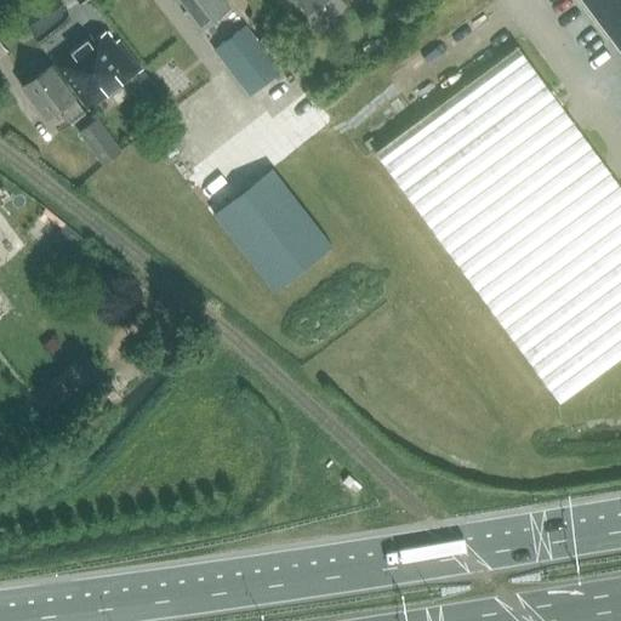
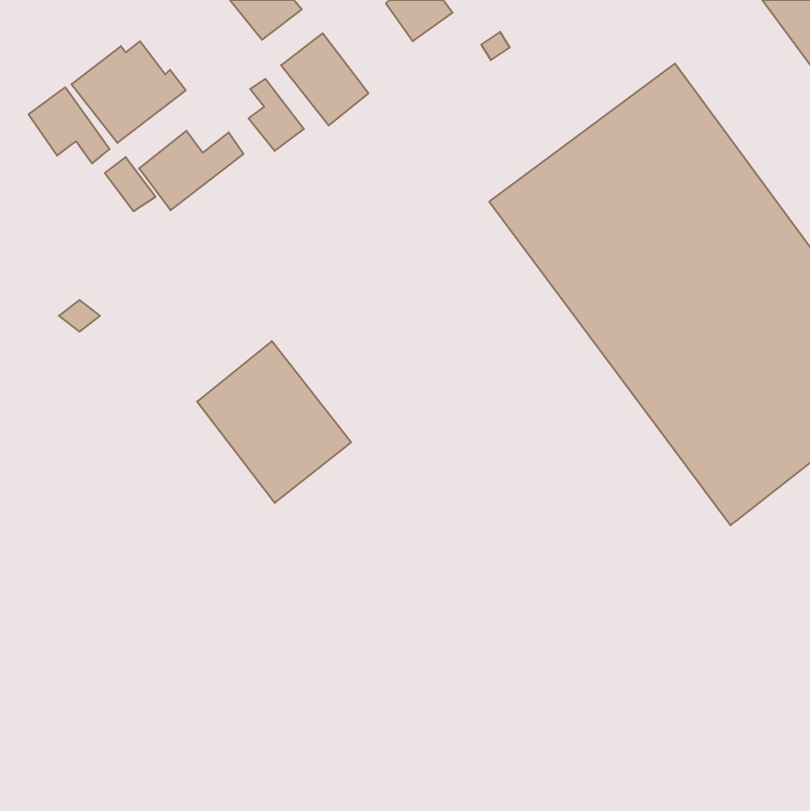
building: none -> [249,79,304,151]
building: none -> [139,131,243,210]
building: [216,169,334,292] -> [197,341,351,503]

